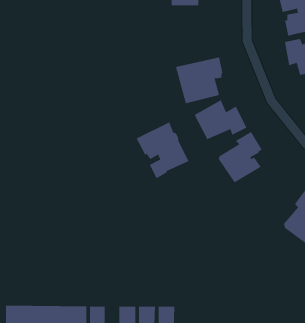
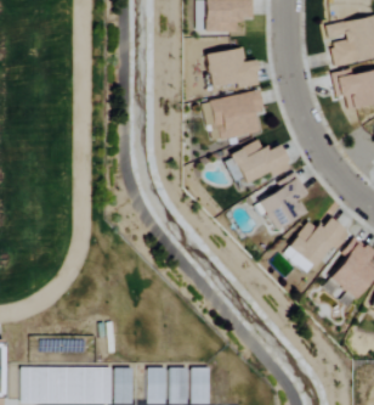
building: none -> [206,46,260,88]
building: [136,122,189,179] -> none
building: none -> [288,216,350,266]

